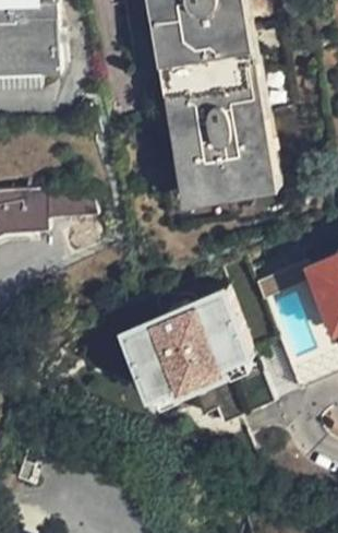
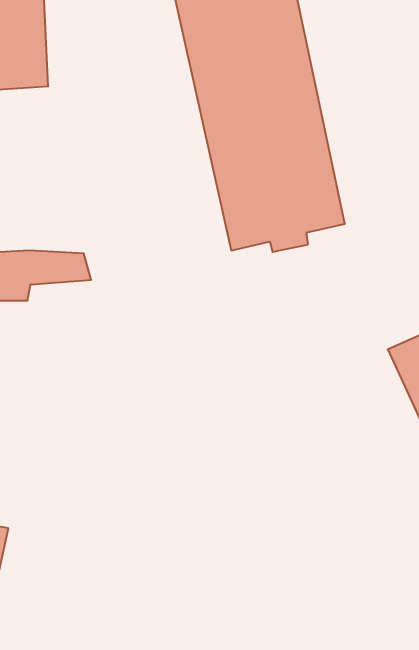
building: [120,285,252,401] -> none

